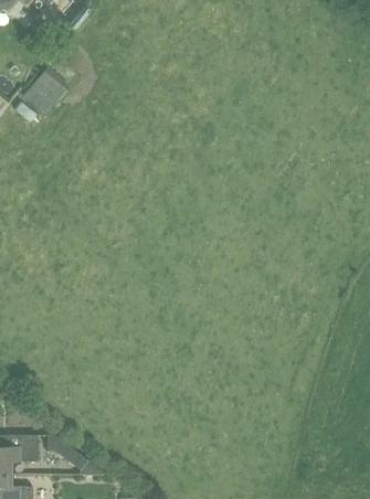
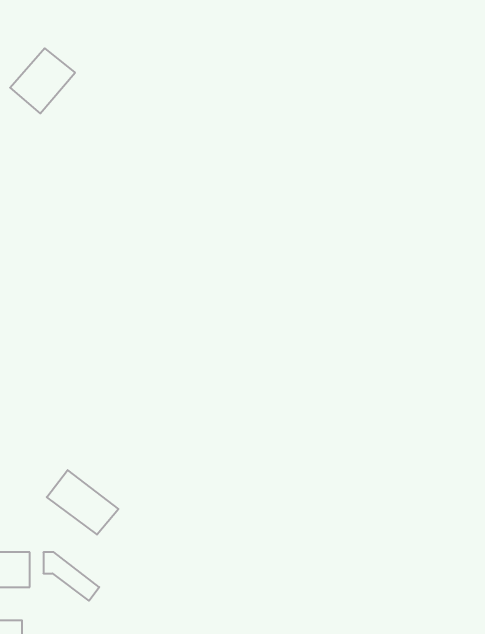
building: none -> [47,470,118,535]

